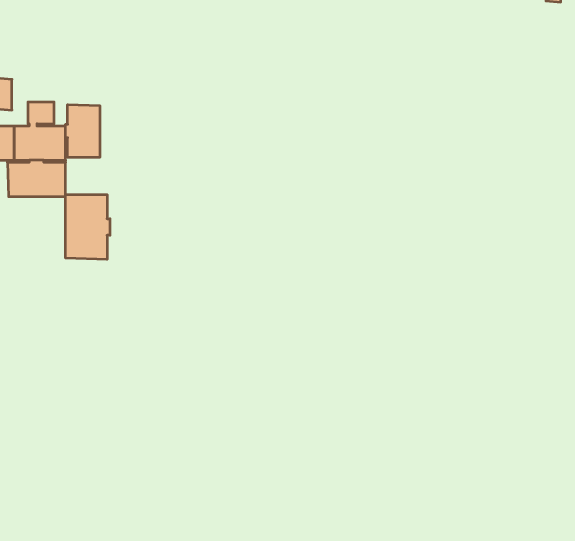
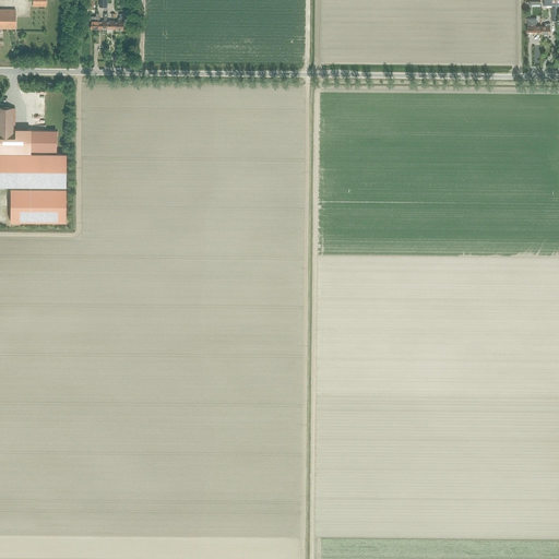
building: [66,105,100,157] -> none
building: [66,195,110,259] -> none

